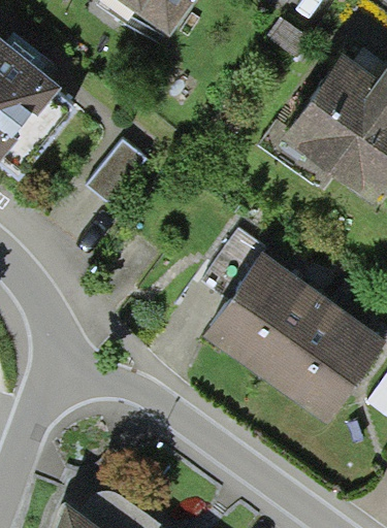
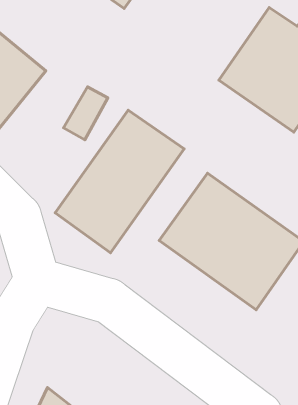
building: none -> [55,110,184,253]

